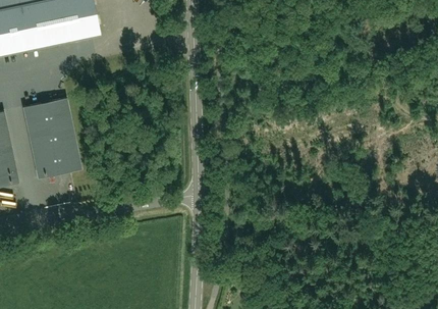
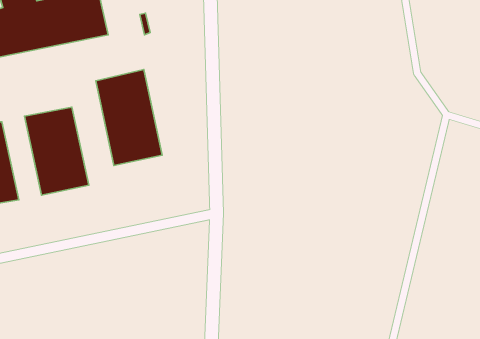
building: none -> [96,69,162,166]

